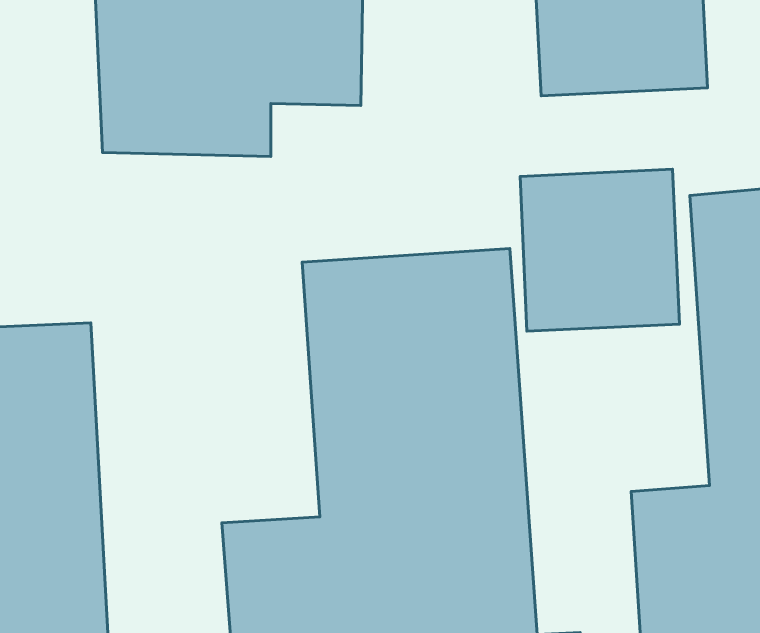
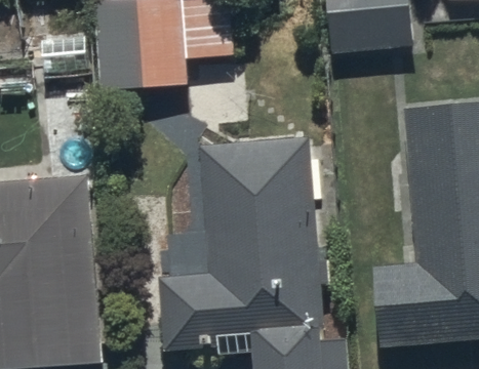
building: [520,169,679,331] -> none

